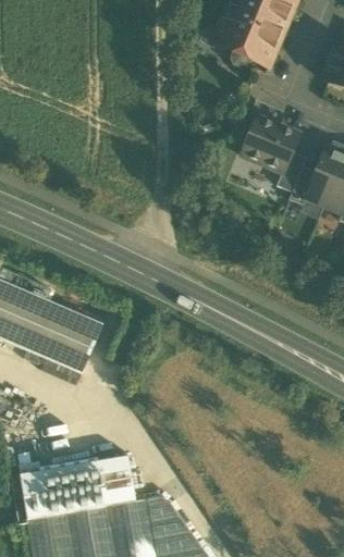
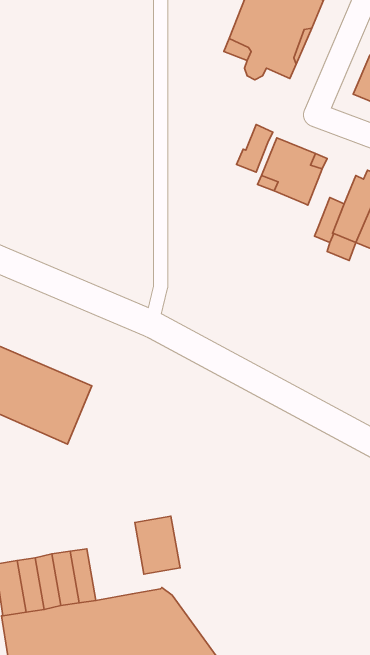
building: [275,151,306,191] -> [237,124,273,172]
building: [97,457,135,506] -> [135,516,180,574]

